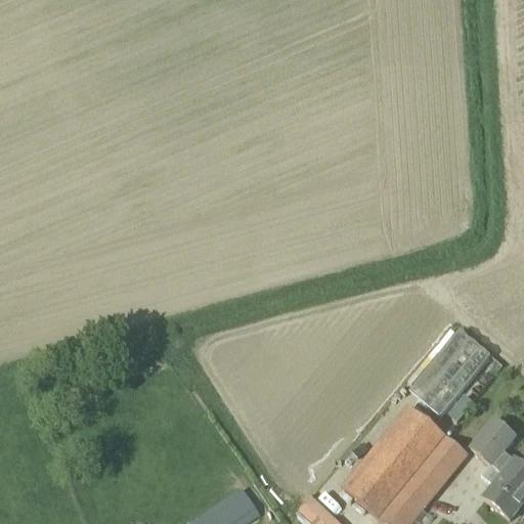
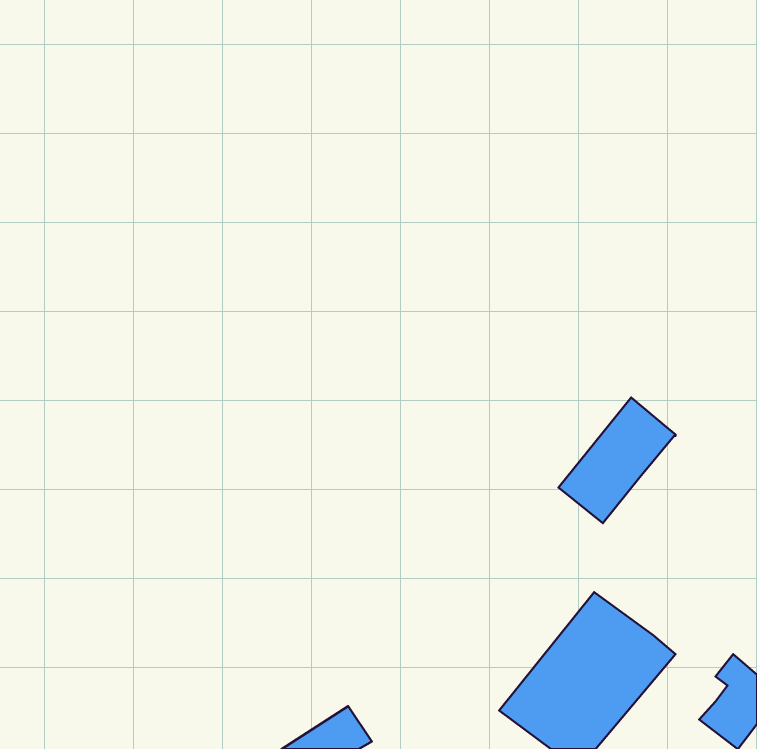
building: [409,329,490,416] -> [558,397,675,523]
building: [470,418,515,465] -> none

